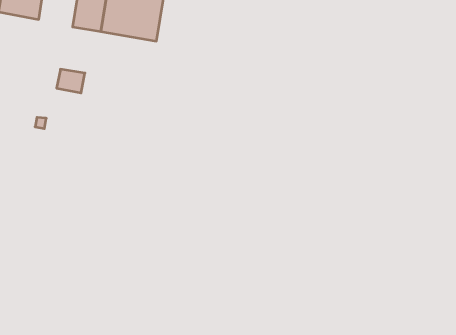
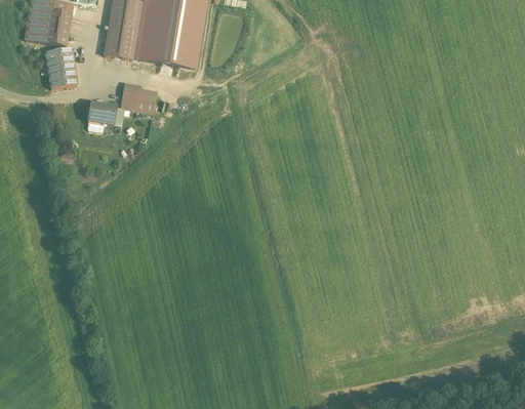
building: none -> [45,45,78,86]
building: none -> [121,80,158,112]

